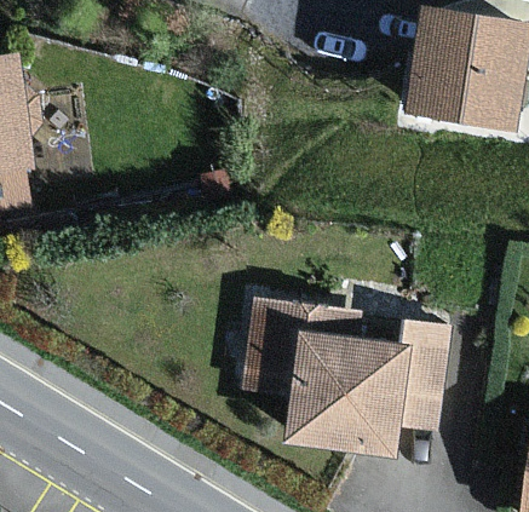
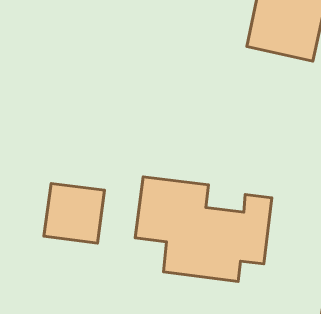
building: none -> [44,183,104,243]

